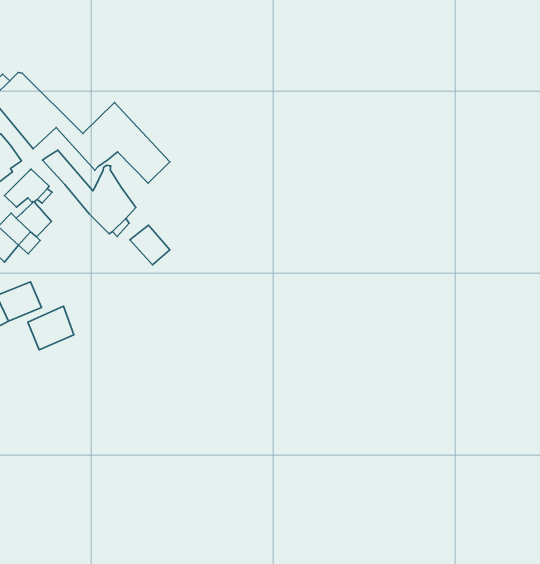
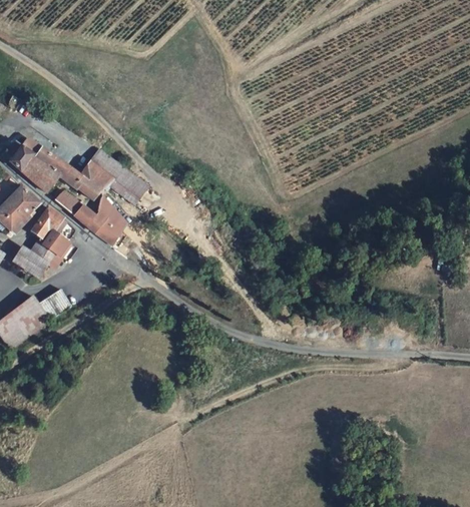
building: [130,225,170,265] -> none
building: [28,306,74,350] -> none

